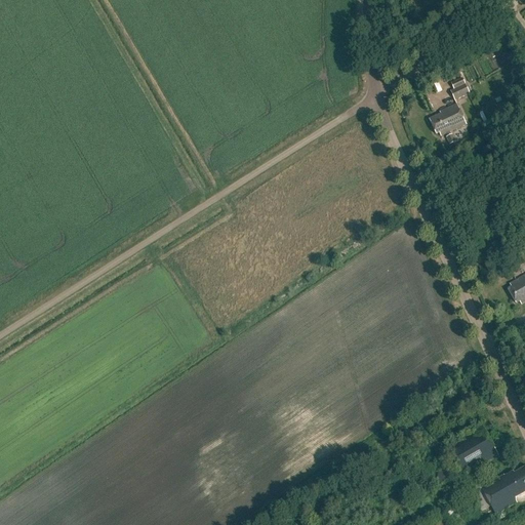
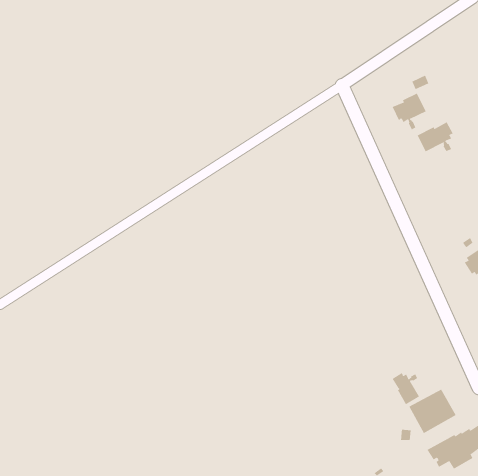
building: none -> [417,121,454,152]
building: none -> [392,372,420,405]

